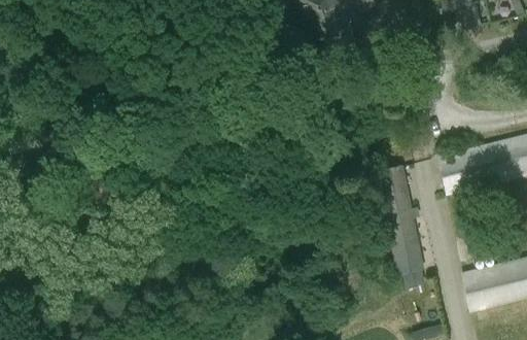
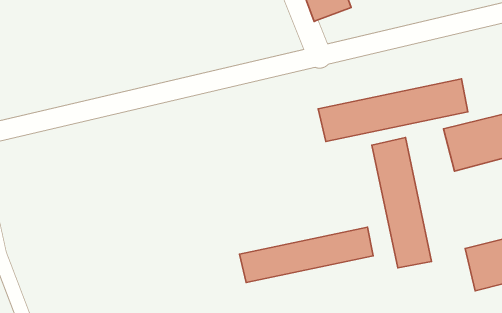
building: none -> [318,79,468,142]
building: none -> [239,227,373,282]

